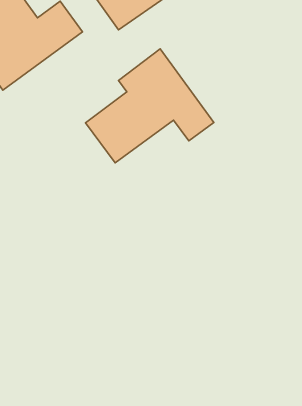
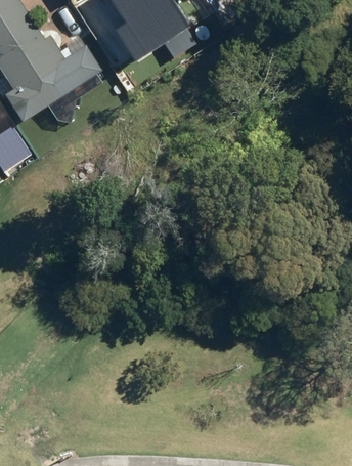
building: [85,49,214,163] -> none

